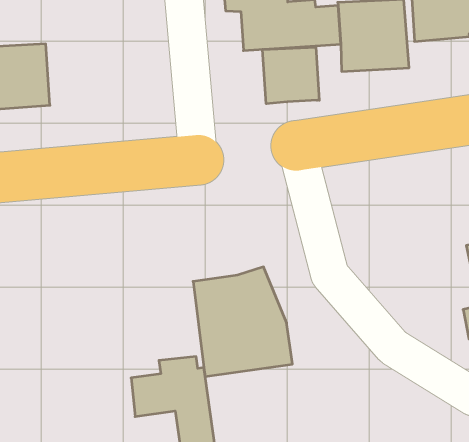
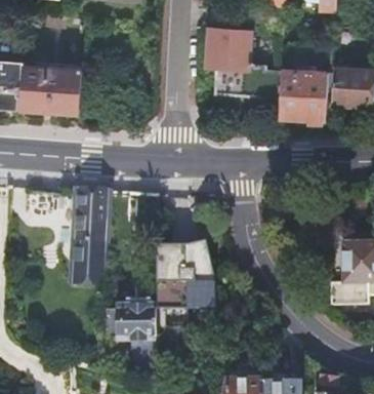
building: [263,47,319,104] -> none
building: none -> [73,187,110,282]

